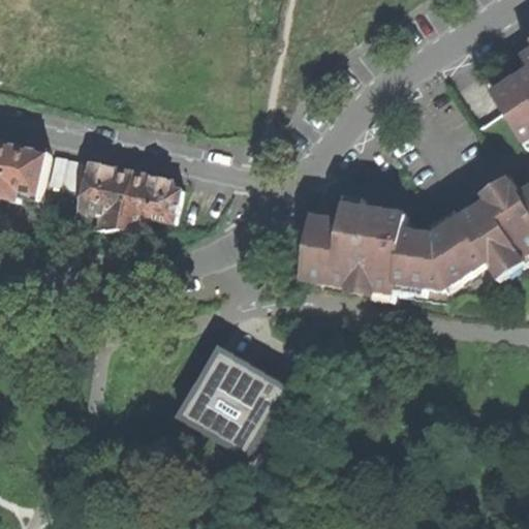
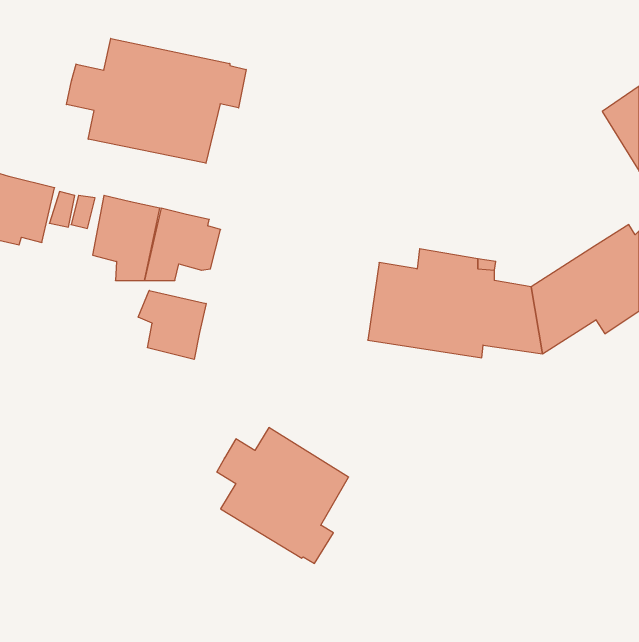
building: none -> [66,38,246,163]
building: none -> [138,290,206,359]

